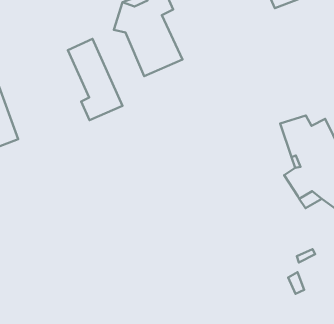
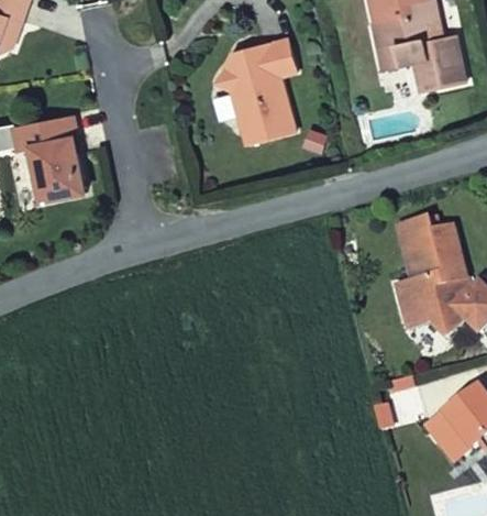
building: [68,39,122,120] -> none

